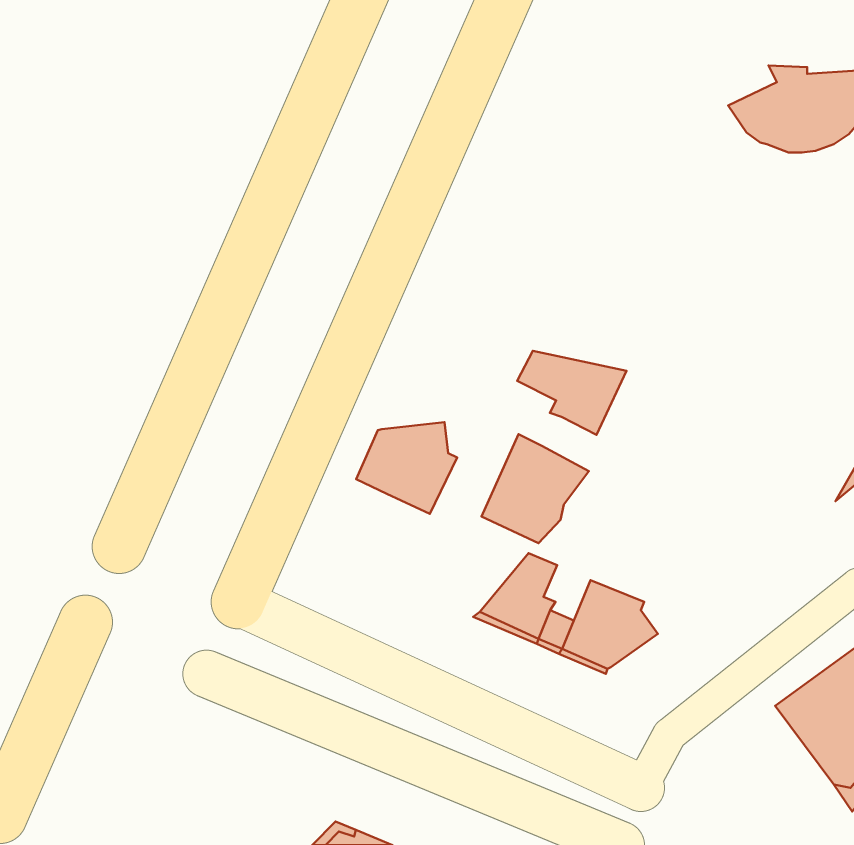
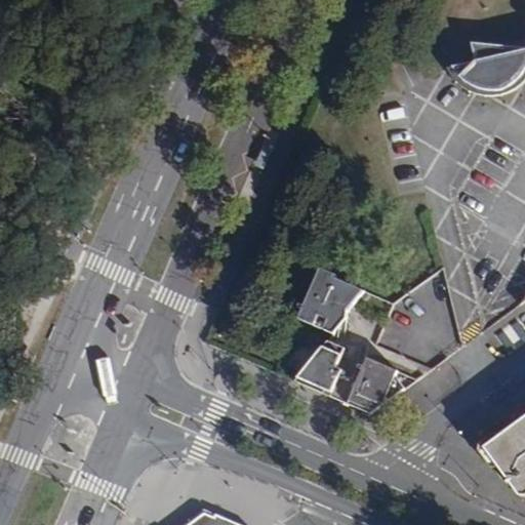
building: [517,351,626,435] -> none
building: [356,422,457,514] -> none

